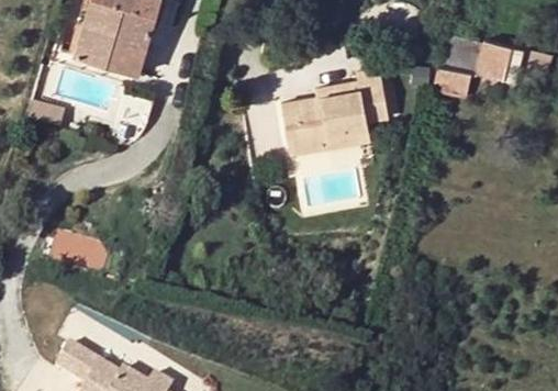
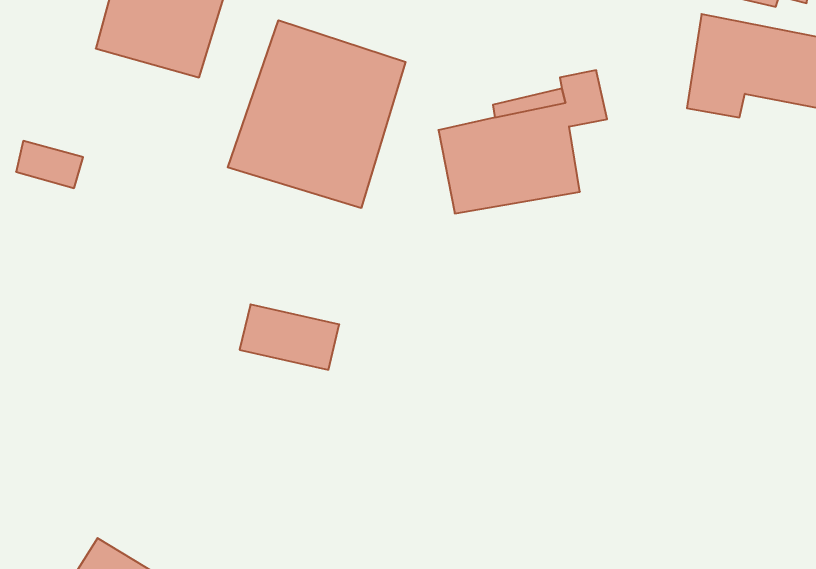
building: none -> [228,20,406,208]
building: [53,231,113,270] -> [240,304,339,370]

